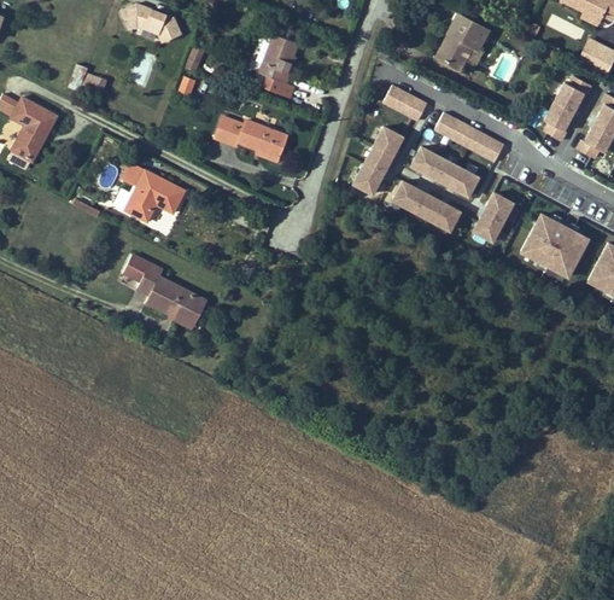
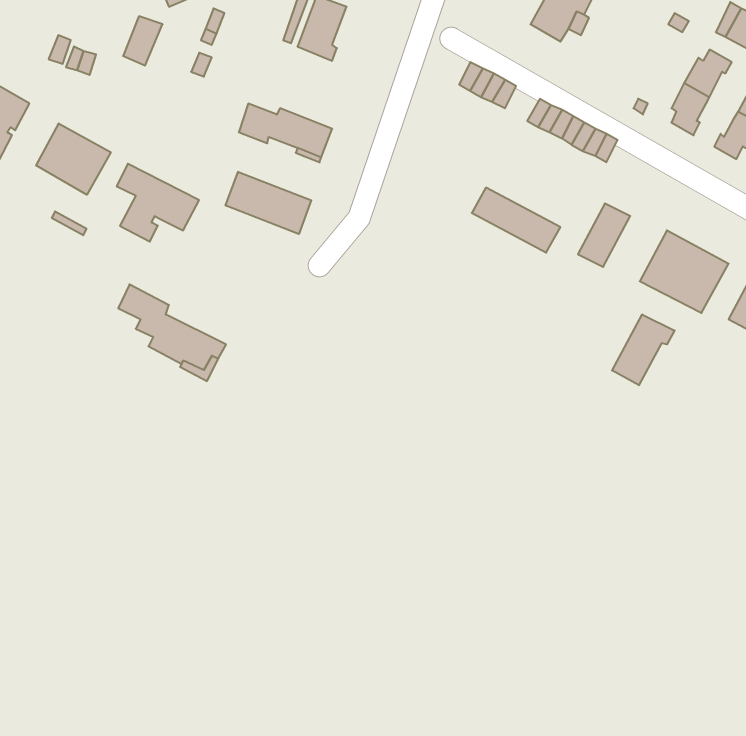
building: [353,127,403,194] -> none
building: none -> [36,123,111,195]
building: [411,147,479,197] -> none
building: none -> [226,172,311,234]
building: none -> [612,314,675,385]

